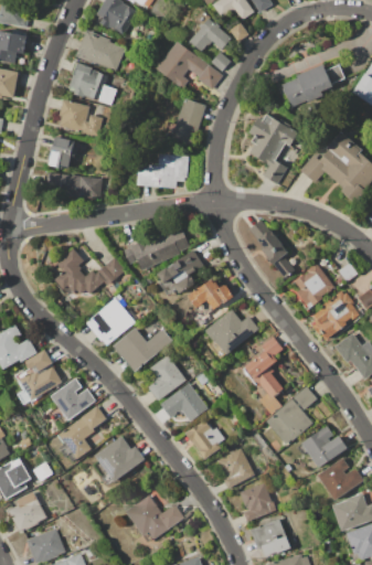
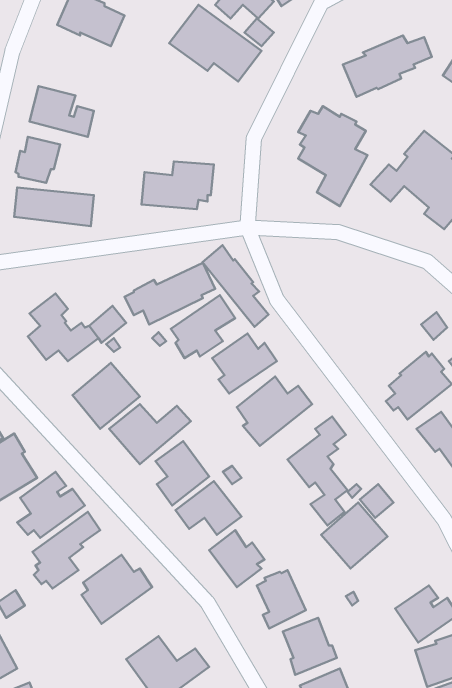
building: [67,65,117,105] -> none
building: [163,98,206,146] -> none
building: [247,218,295,277] -> [202,245,268,327]
building: [295,263,337,310] -> none
building: [297,426,348,467] -> none

